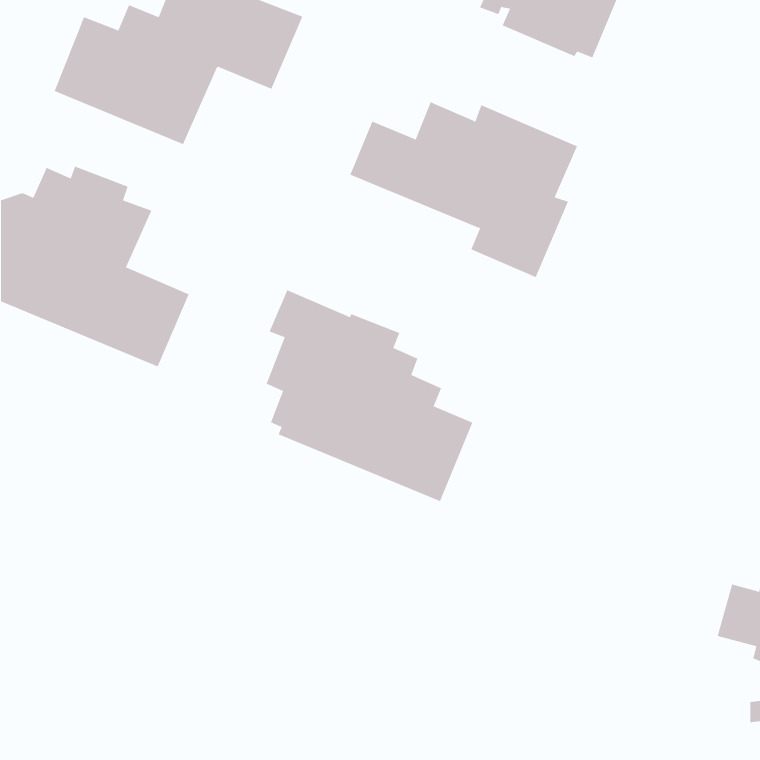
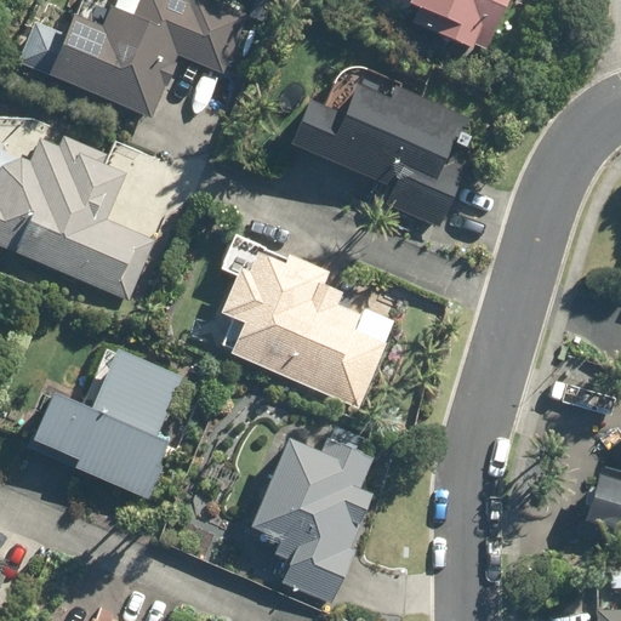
building: none -> [25,348,183,496]
building: none -> [249,437,372,603]

